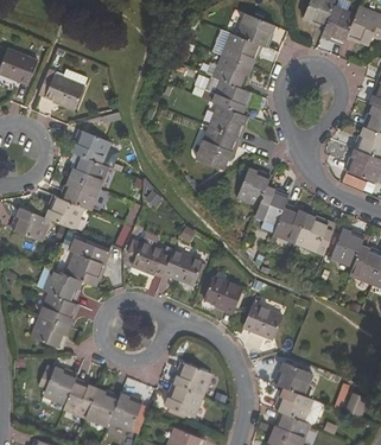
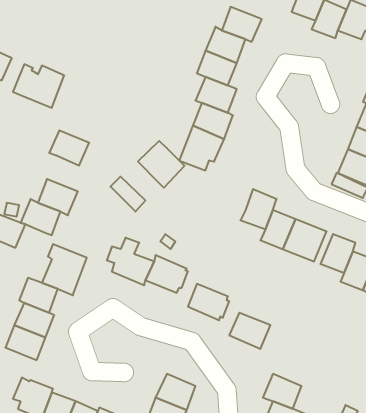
building: none -> [138,141,185,188]
building: [70,154,108,189] -> none
building: [237,169,269,206] -> none

